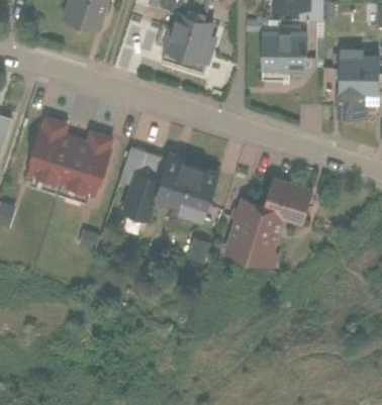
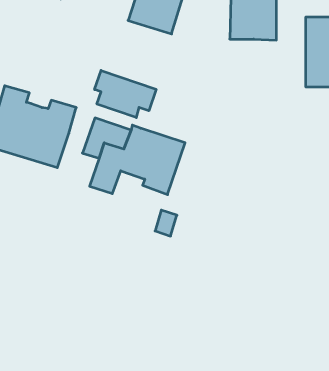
building: none -> [95,70,156,118]
building: [223,183,311,270] -> none

